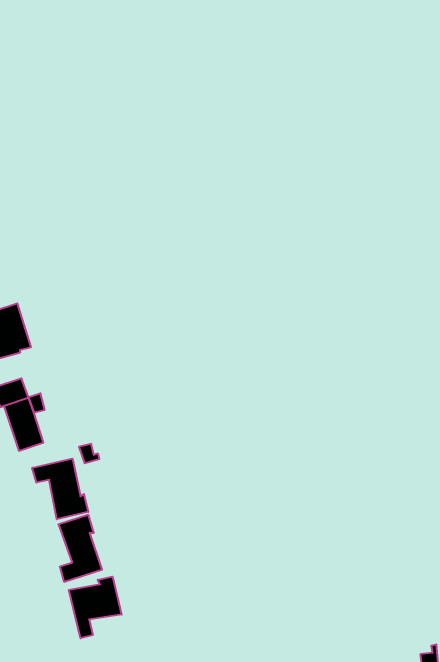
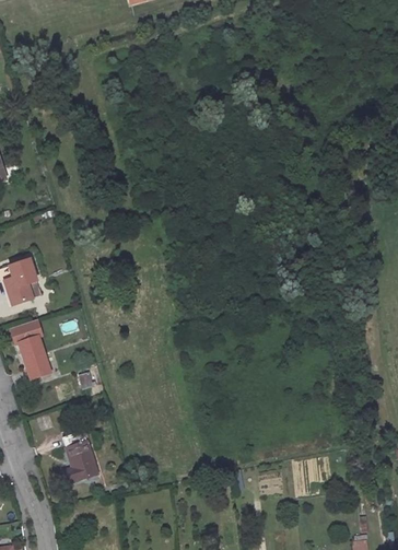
building: [32,459,88,519] -> none
building: [69,577,122,638] -> none

